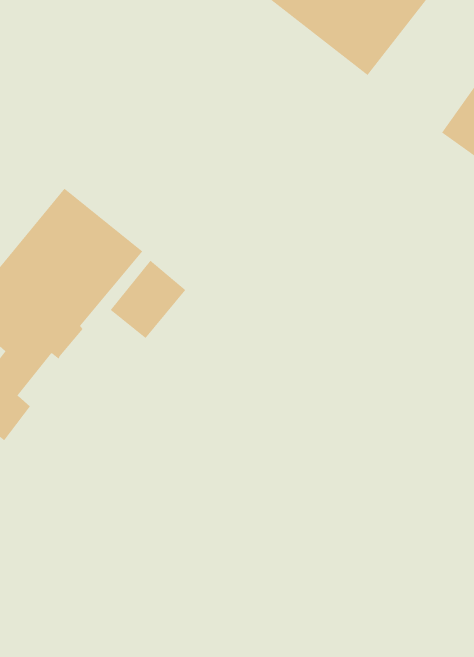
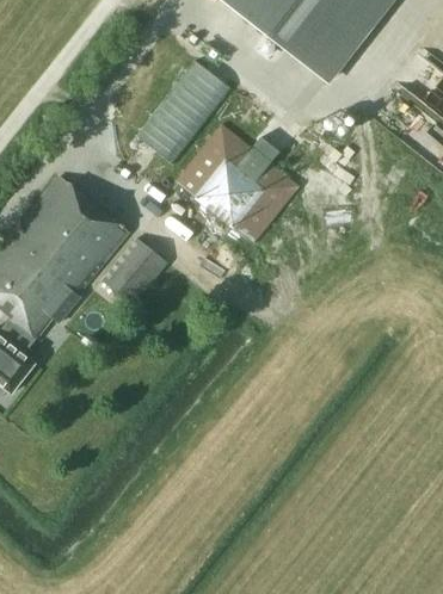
building: none -> [137,61,230,163]
building: none -> [176,124,299,243]

